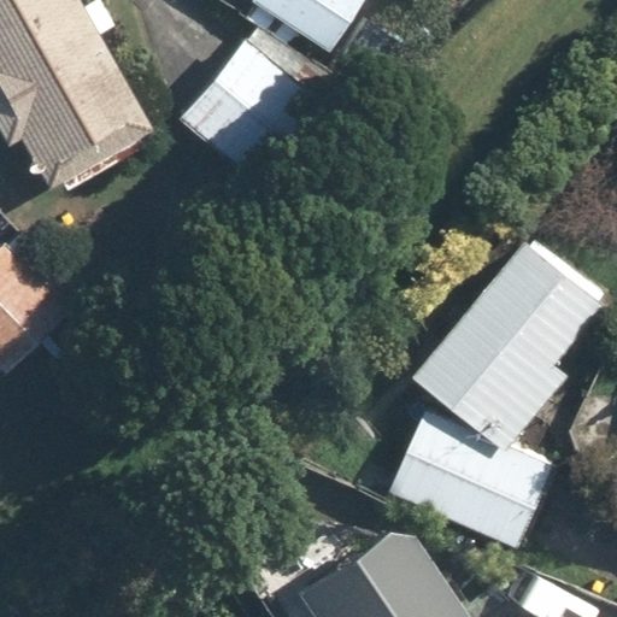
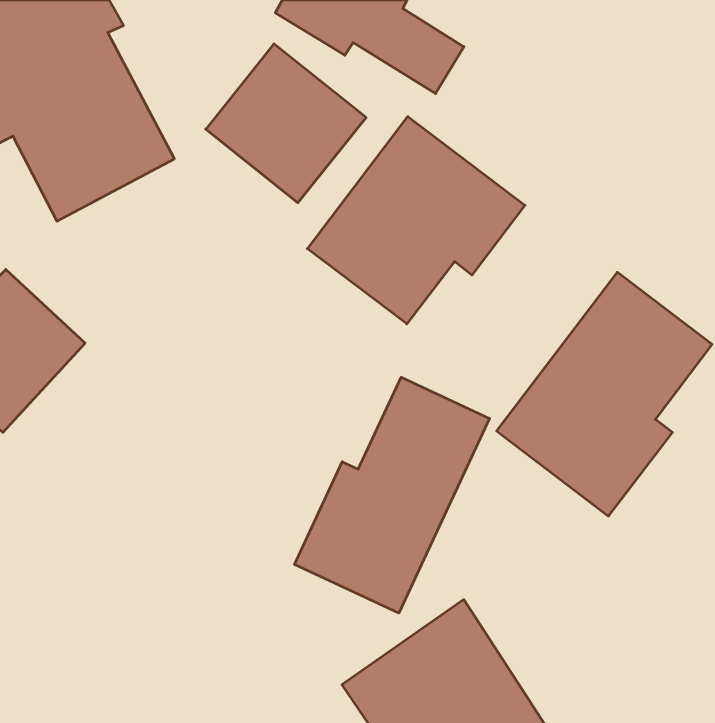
building: none -> [307,117,525,324]
building: none -> [295,377,490,613]
building: [394,411,554,546] -> none

